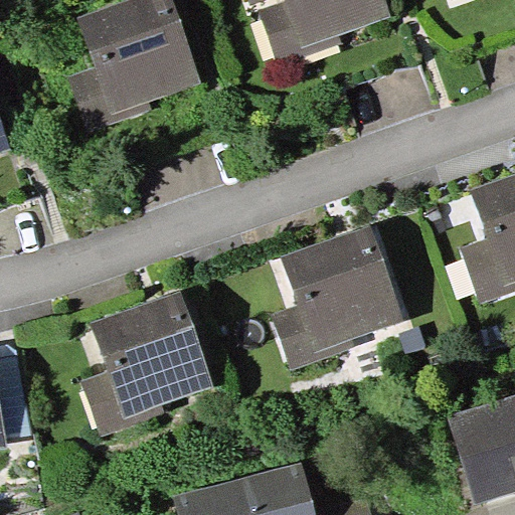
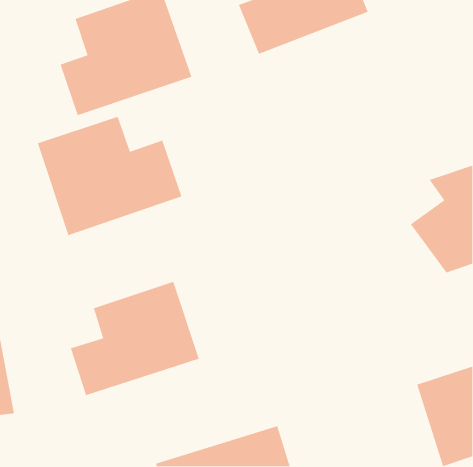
building: none -> [37,116,182,236]
building: [266,235,403,363] -> none

